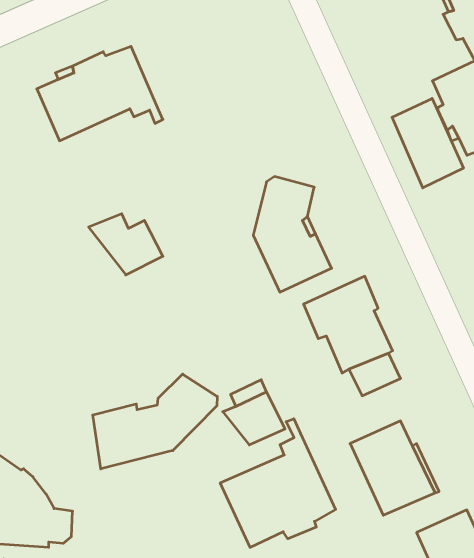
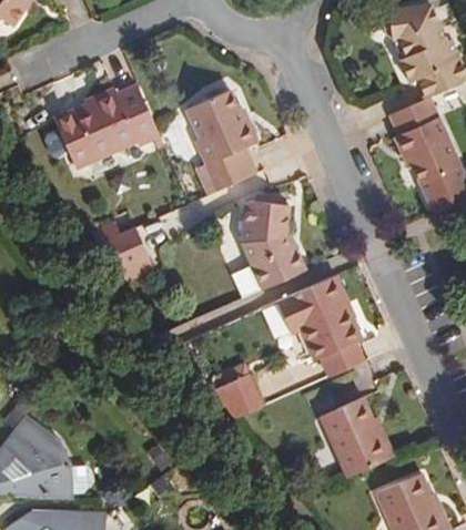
building: none -> [185,90,255,194]
building: [392,98,463,188] -> none
building: [93,374,217,469] -> none
building: [220,419,336,547] -> none

